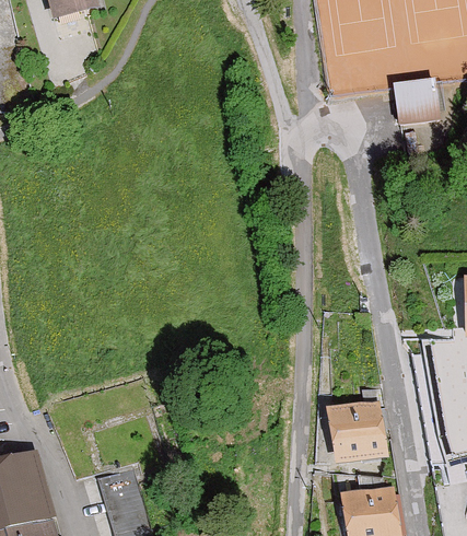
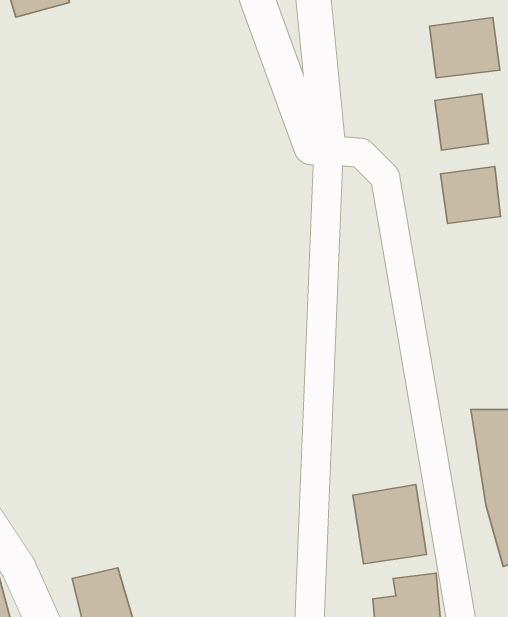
building: none -> [429,17,500,78]
building: none -> [441,166,501,223]

